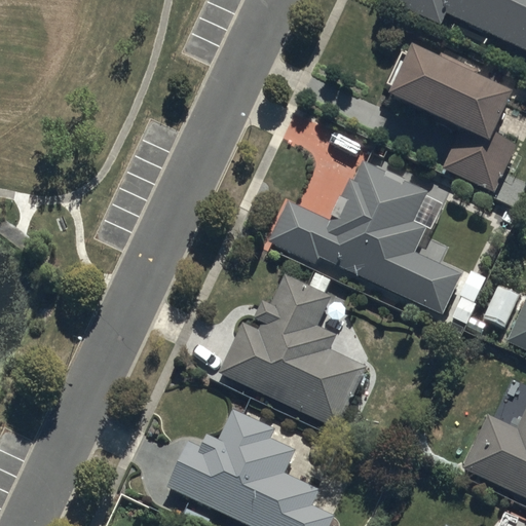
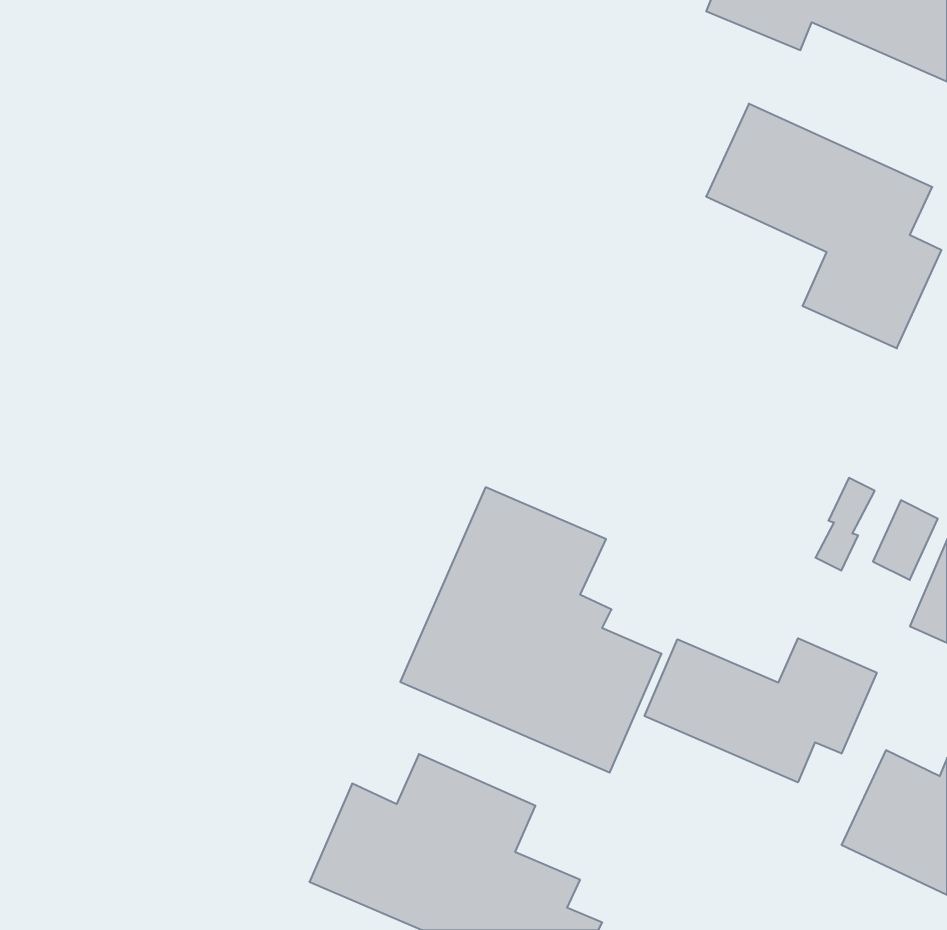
building: [267,156,462,314] -> none
building: none -> [645,638,877,782]

